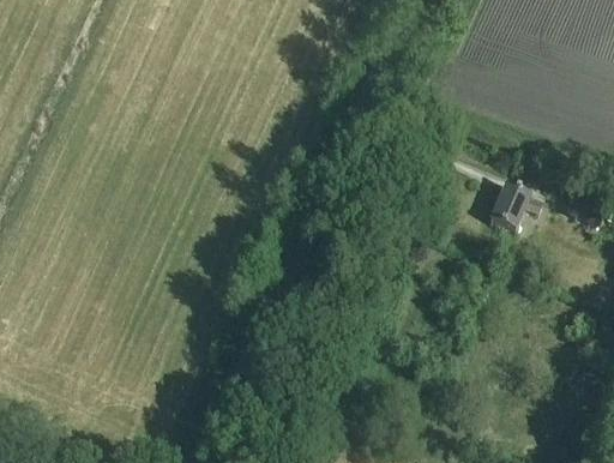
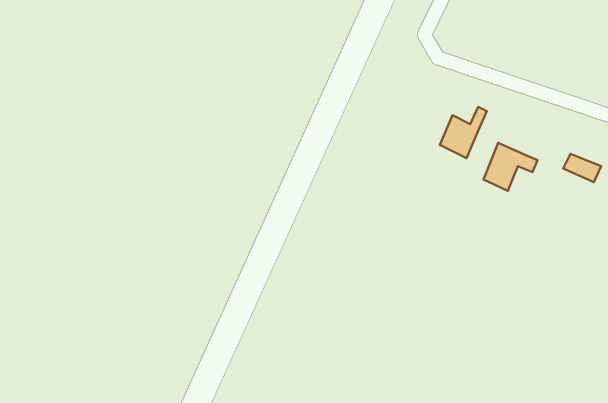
building: none -> [440,107,487,158]

